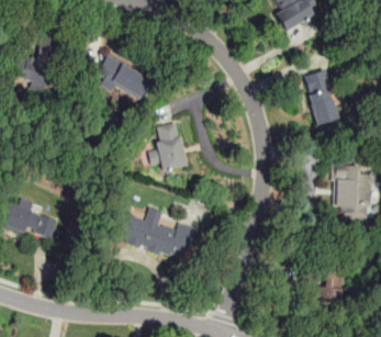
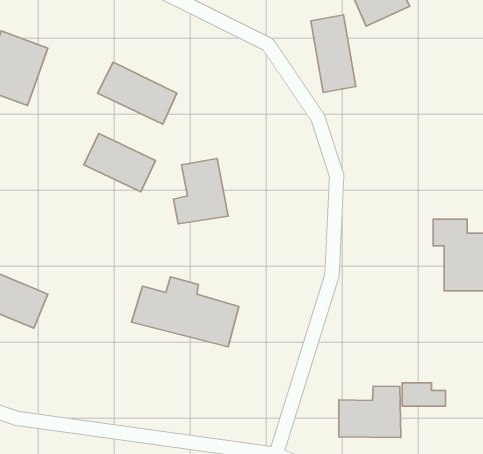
building: [305,70,337,125] -> [311,15,356,93]
building: none -> [84,133,156,192]
building: none -> [339,386,401,438]

